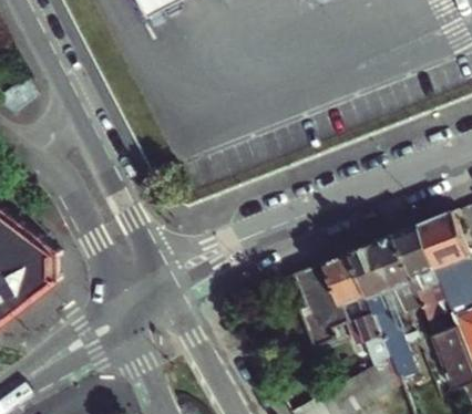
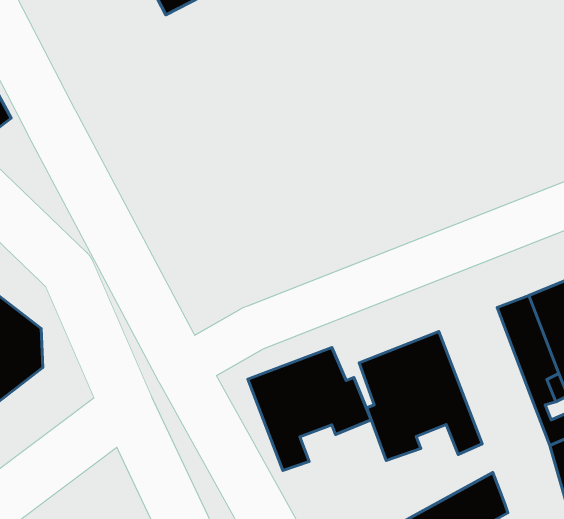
building: [350,234,418,379] -> none
building: none -> [248,347,371,471]

